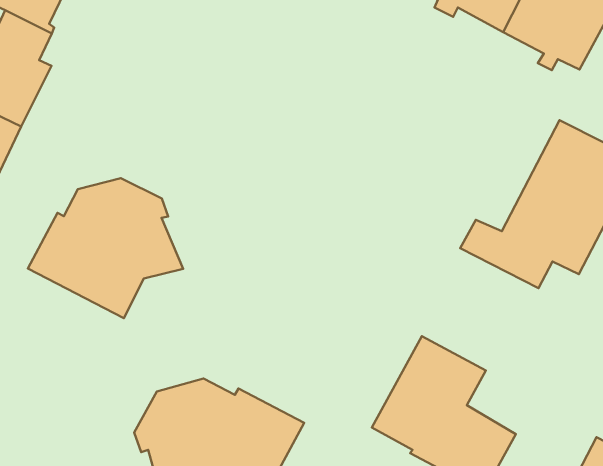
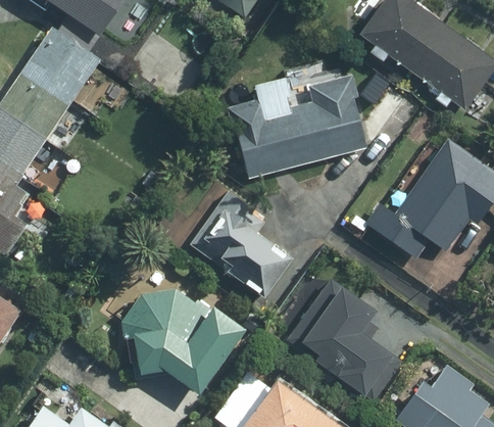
building: none -> [232,76,367,176]
building: [28,178,183,318] -> none
building: none -> [190,190,292,296]

